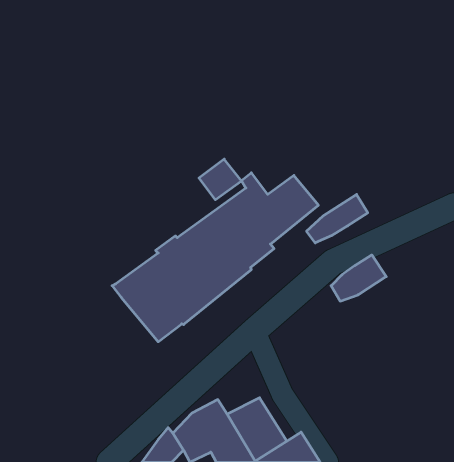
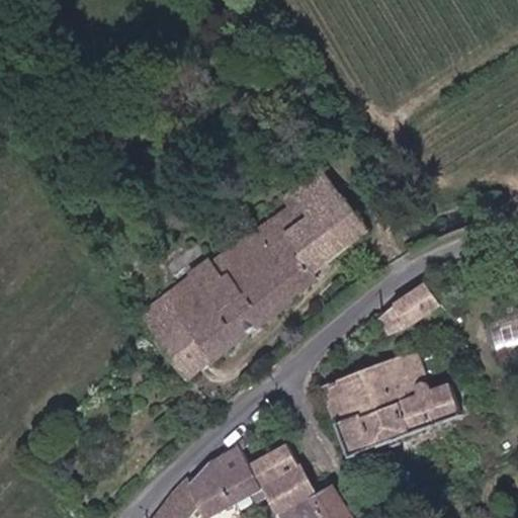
building: [199,159,241,200] -> [281,172,329,218]
building: [307,194,368,243] -> none
building: none -> [327,352,463,456]

